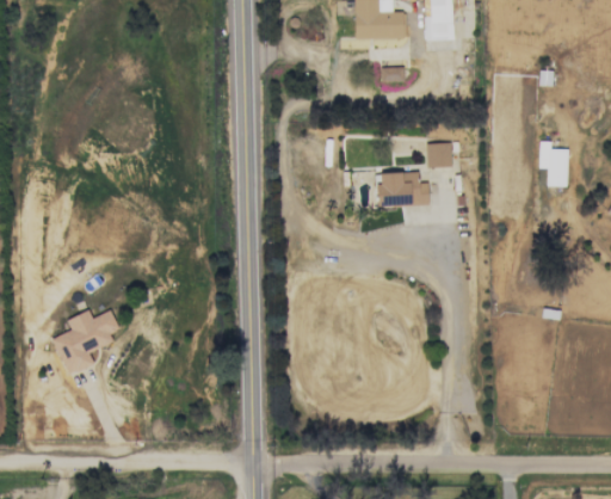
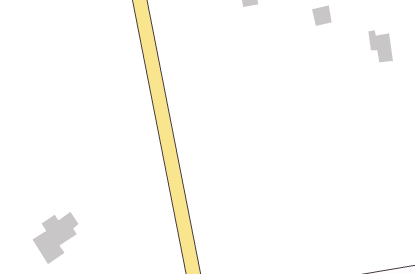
building: [427,143,452,168] -> [311,5,333,27]
building: [378,172,430,207] -> none

